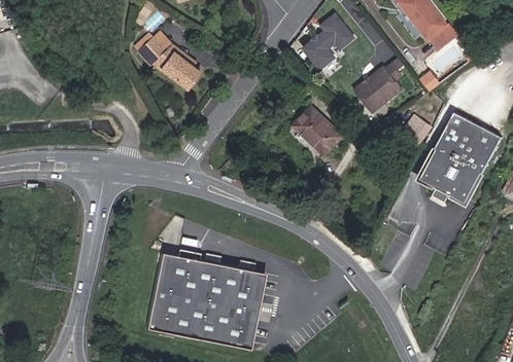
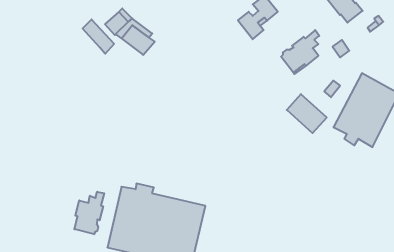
building: none -> [83,19,114,54]
building: [293,105,342,153] -> [287,94,327,133]
building: none -> [74,192,104,234]

